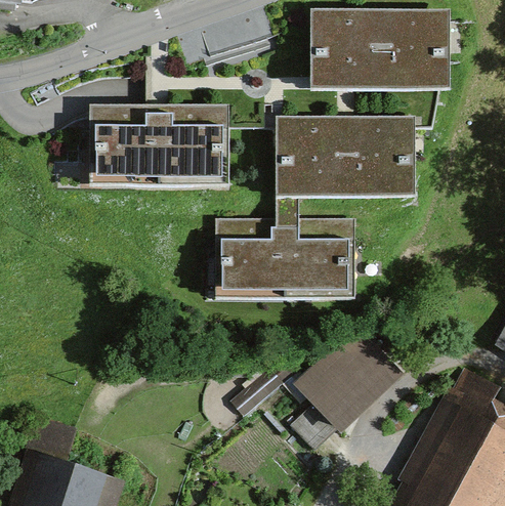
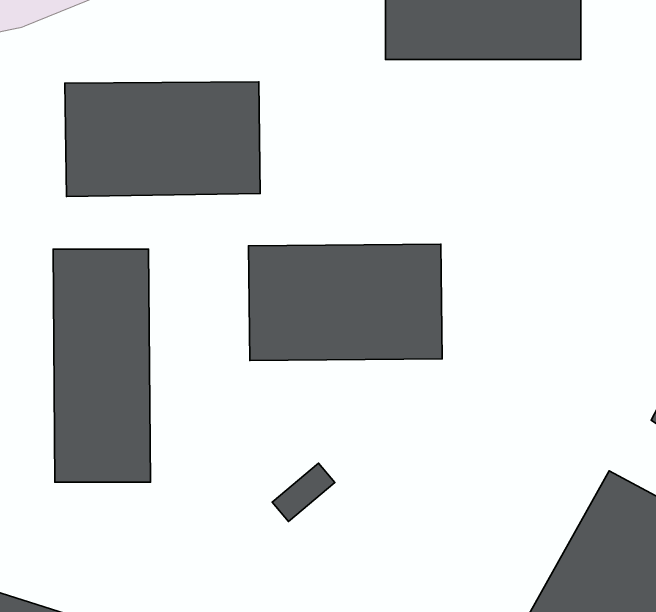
building: [279,117,414,197] -> none
building: none -> [53,249,150,482]
building: [292,325,396,439] -> none

